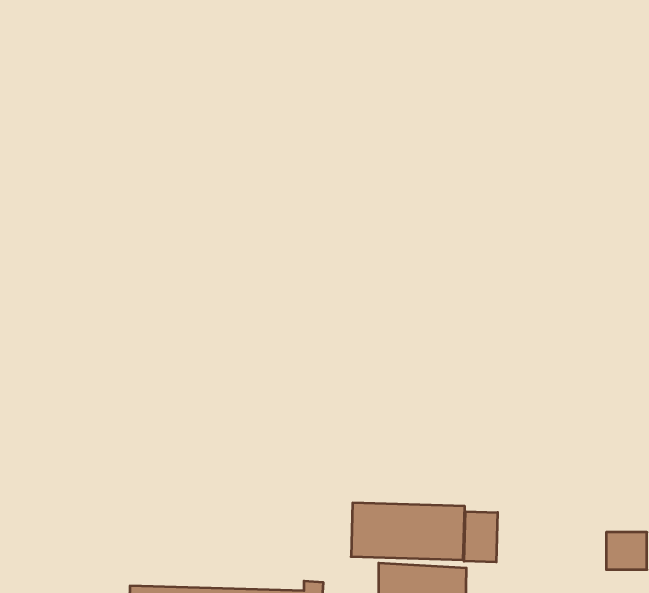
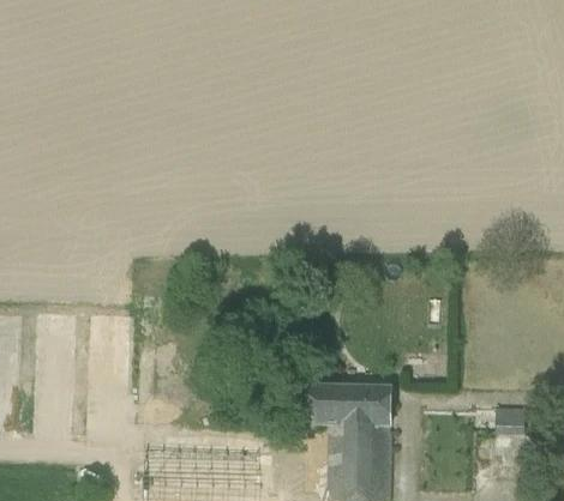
building: [464,512,498,562] -> none

